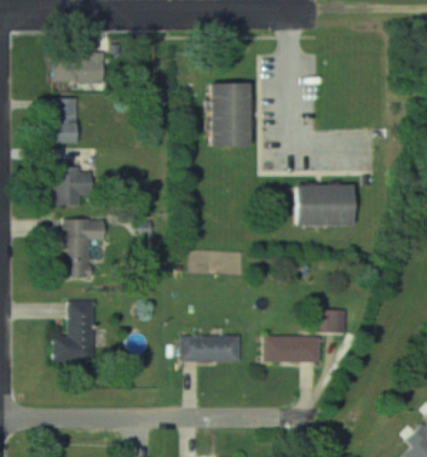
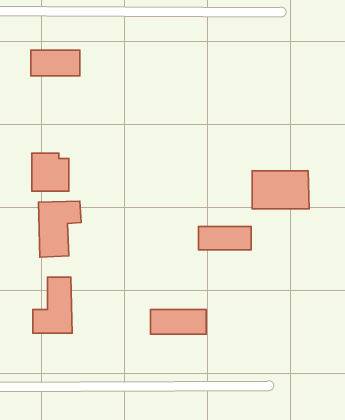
building: [207,84,248,149] -> none
building: [52,98,77,145] -> none
building: [317,310,347,332] -> none
building: [264,337,321,362] -> [199,226,251,250]

